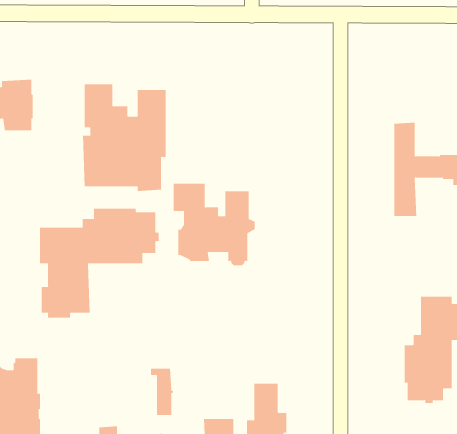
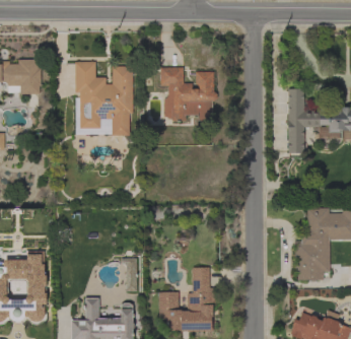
building: [173,183,256,266] -> [161,67,218,124]
building: [39,208,159,318] -> none

